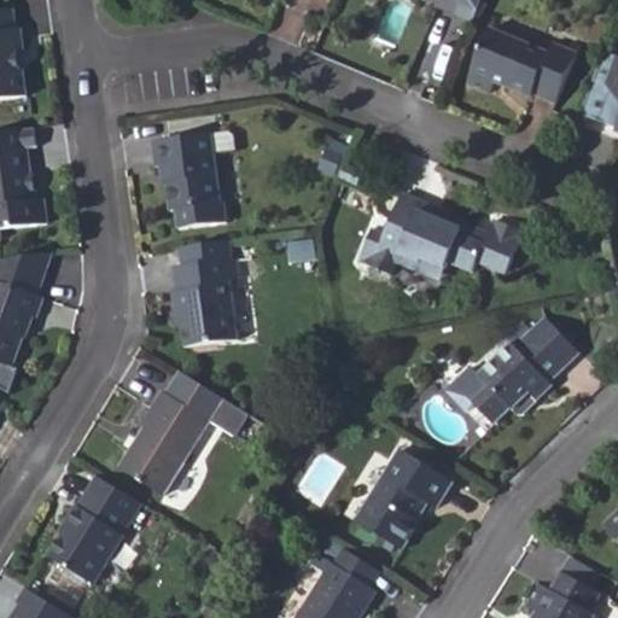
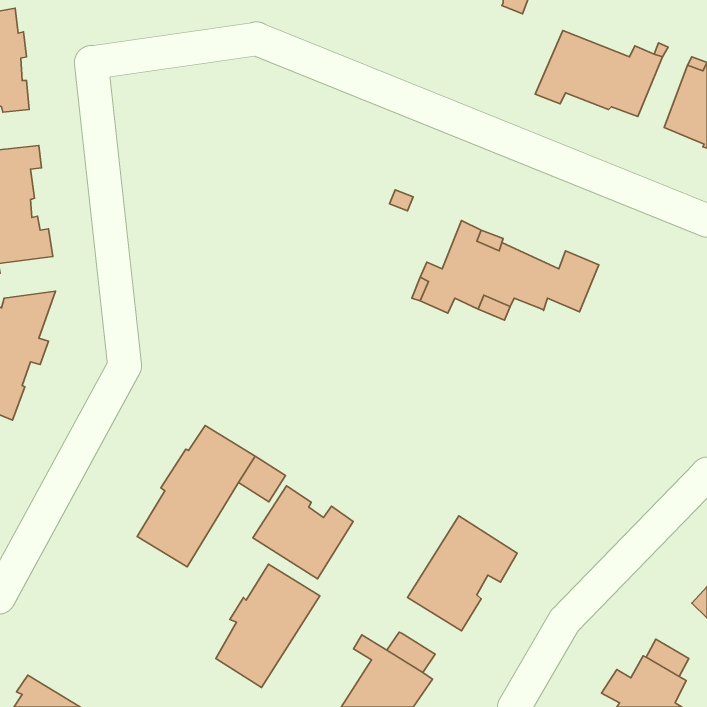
building: [152,134,226,229] -> none
building: [171,240,238,346] -> none
building: [445,319,577,422] -> none
building: none -> [253,486,353,579]
building: [52,476,142,583] -> [216,564,320,687]

